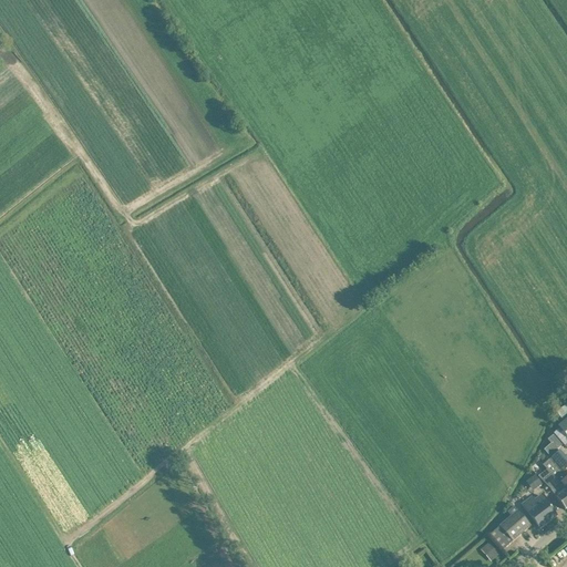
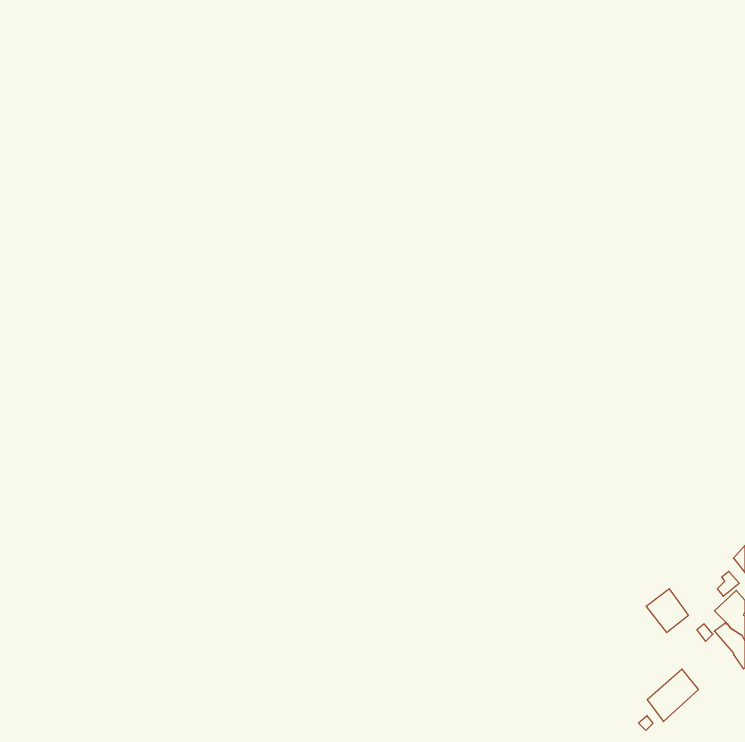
building: [524,494,556,527] -> [646,589,688,633]

